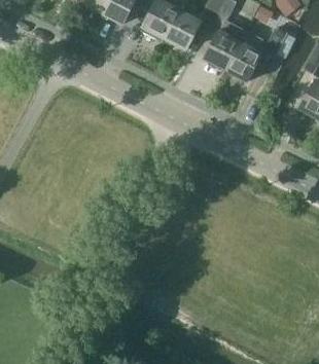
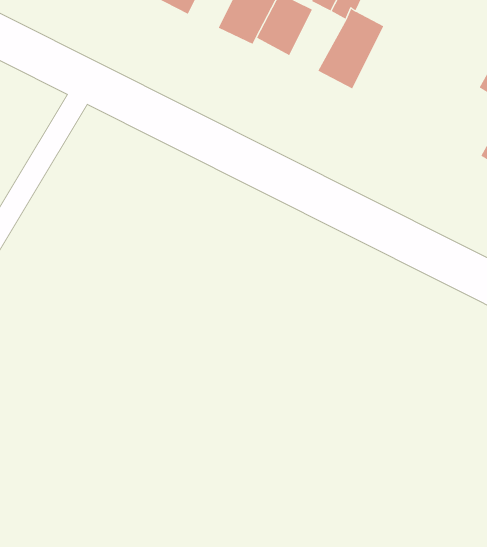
building: [224,26,284,80] -> none

